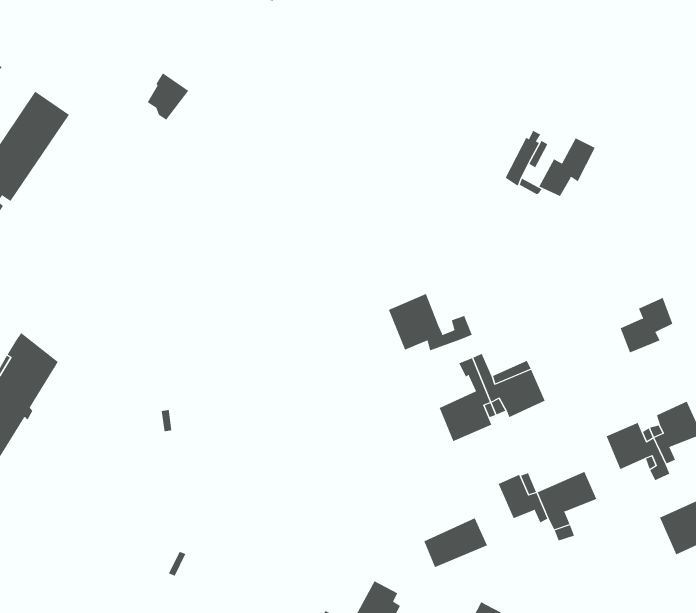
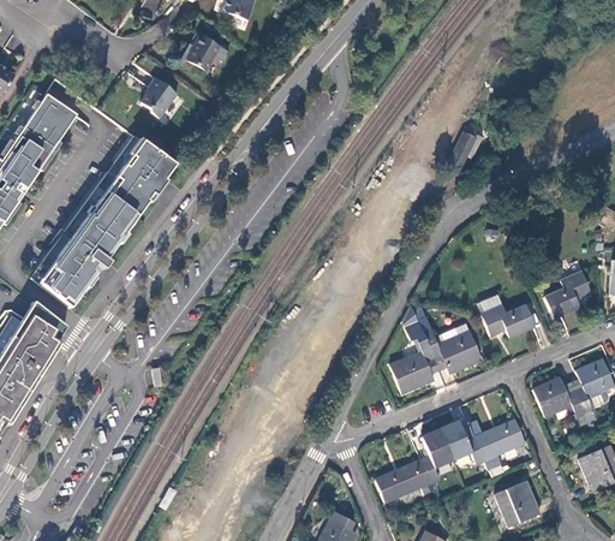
building: none -> [186,34,219,70]
building: [538,138,596,197] -> none
building: none -> [40,138,173,305]
building: [388,293,472,351] -> none
building: none -> [477,293,535,338]
building: none -> [420,429,453,482]
building: none -> [495,480,541,527]

